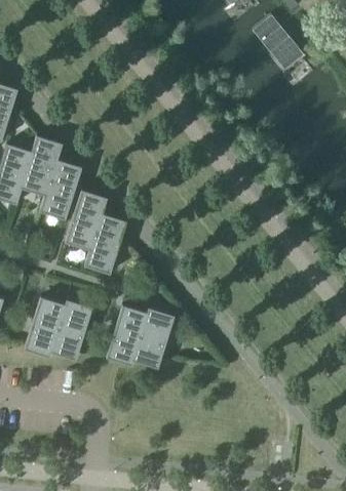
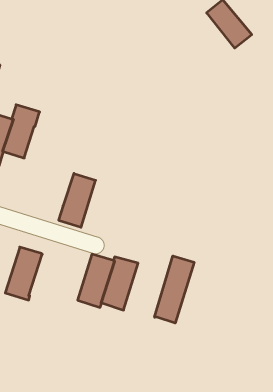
building: [39,160,82,220] -> none
building: [65,190,107,250] -> none
building: [50,300,92,361] -> none
building: none -> [155,256,194,323]

